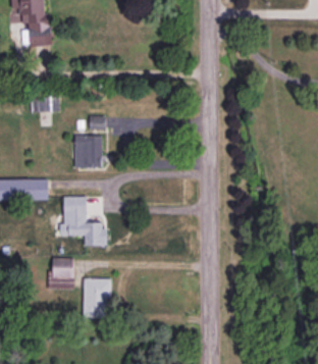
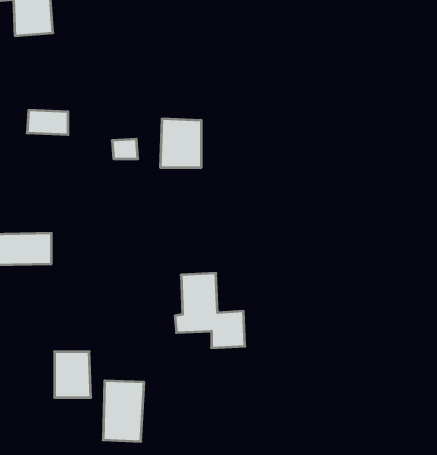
building: [74,135,102,167] -> [160,119,201,167]
building: [59,196,106,246] -> [175,273,245,348]

